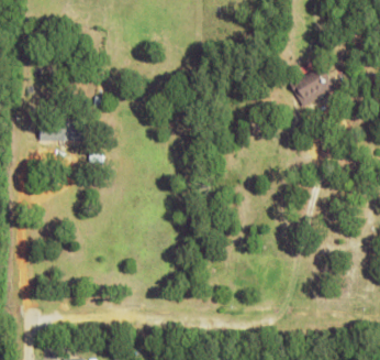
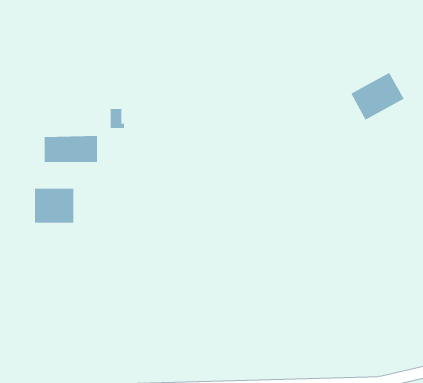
building: none -> [34,188,74,224]

